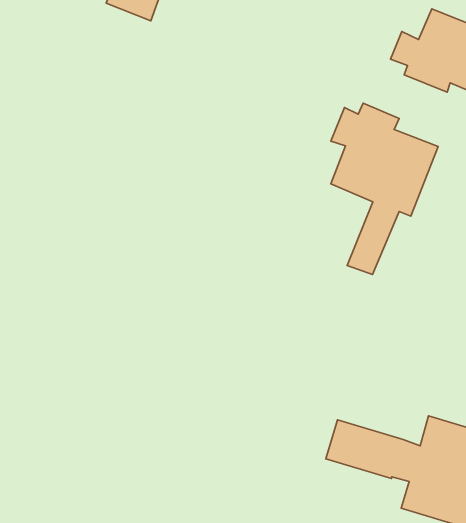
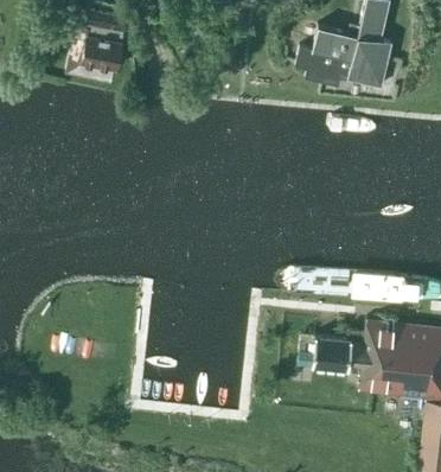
building: [331,103,438,274] -> none

